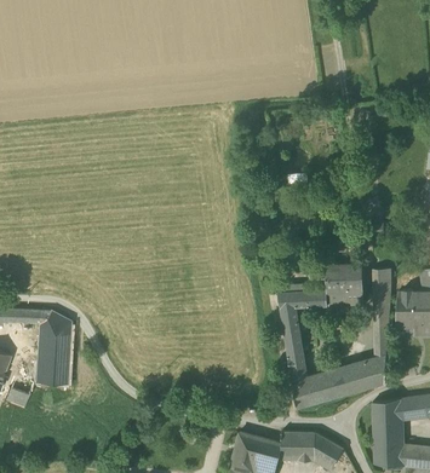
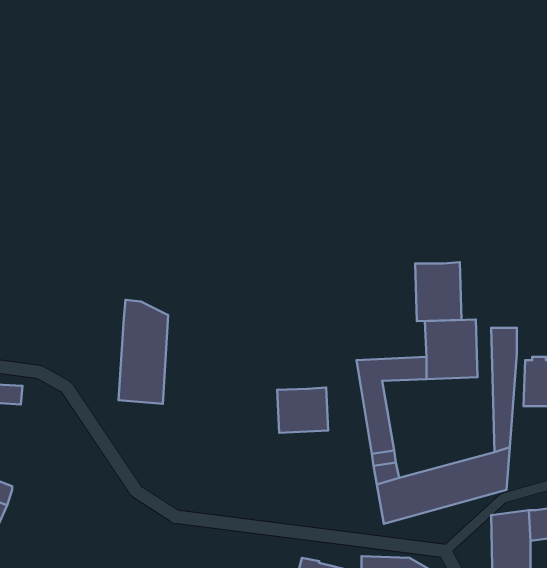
building: none -> [415,262,461,321]
building: [35,311,70,385] -> [119,300,168,404]
building: none -> [277,388,328,433]

